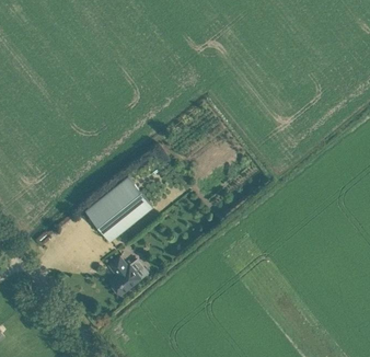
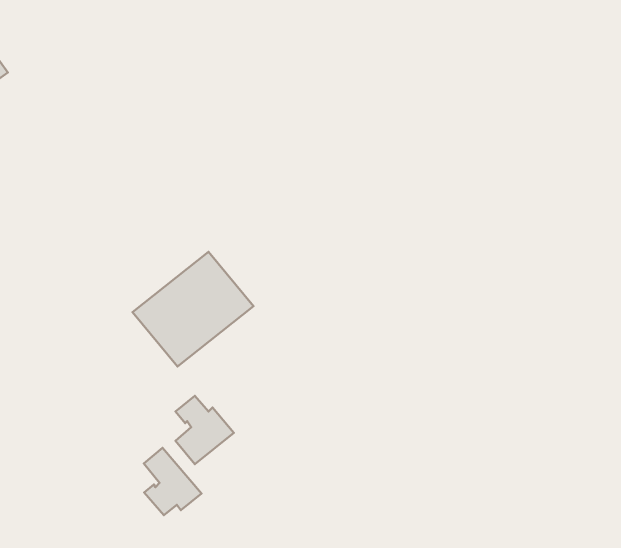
building: none -> [144,448,201,515]

